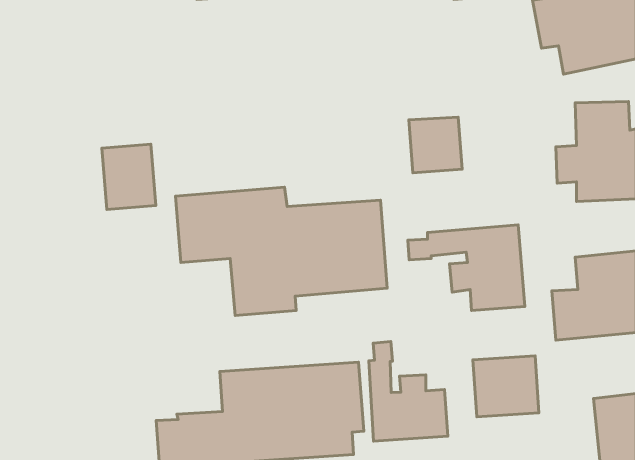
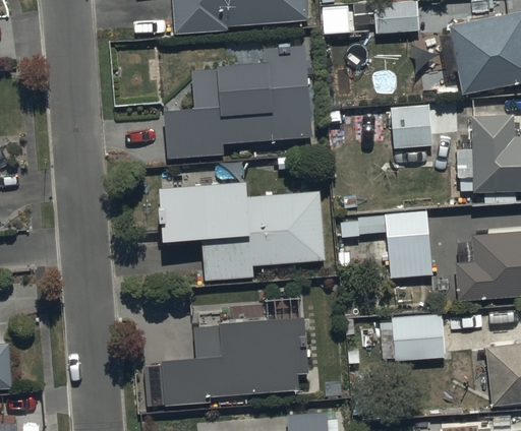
building: none -> [165,44,311,158]
building: [409,117,462,173] -> [391,106,432,149]
building: [102,144,156,210] -> none
building: [369,342,448,441] -> none

